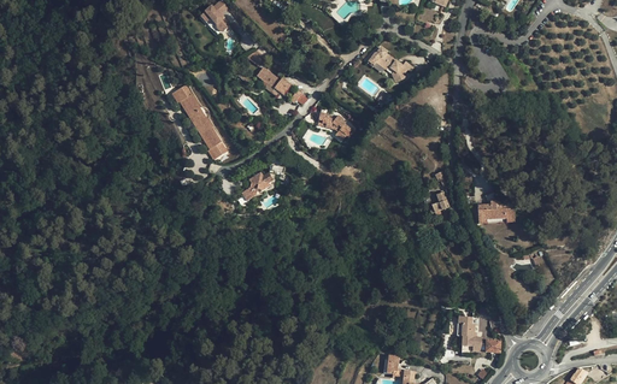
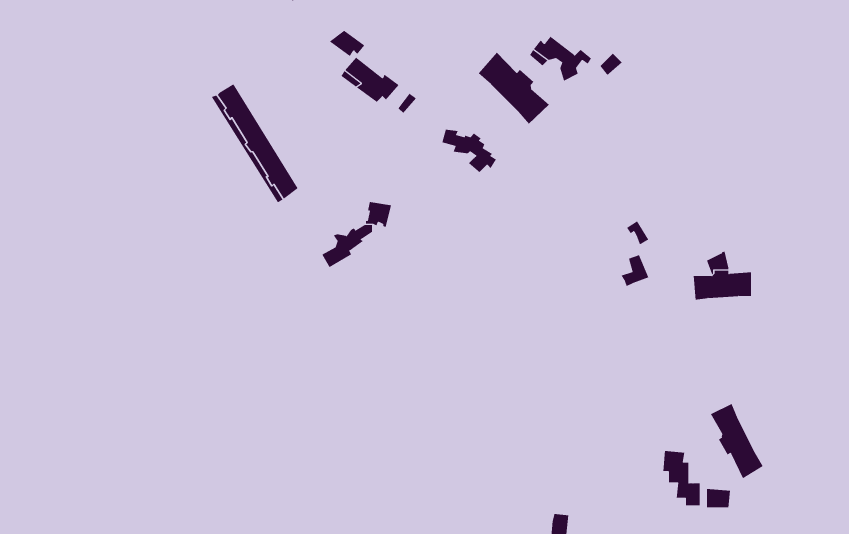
building: none -> [478,52,550,125]
building: none -> [710,403,763,479]

